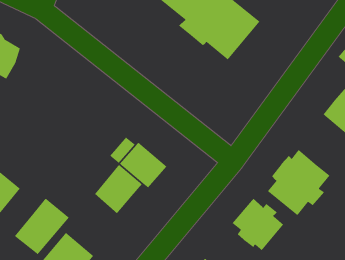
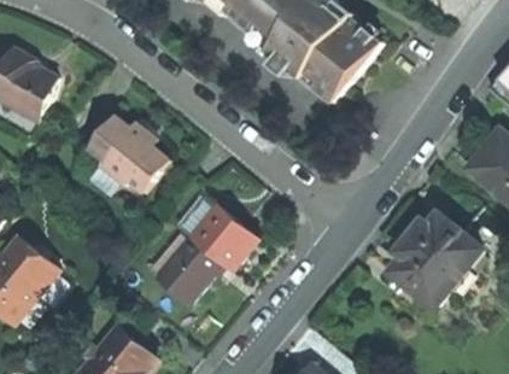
building: none -> [87,113,170,193]
building: [14,197,70,255] -> none
building: [232,198,284,251] -> none

